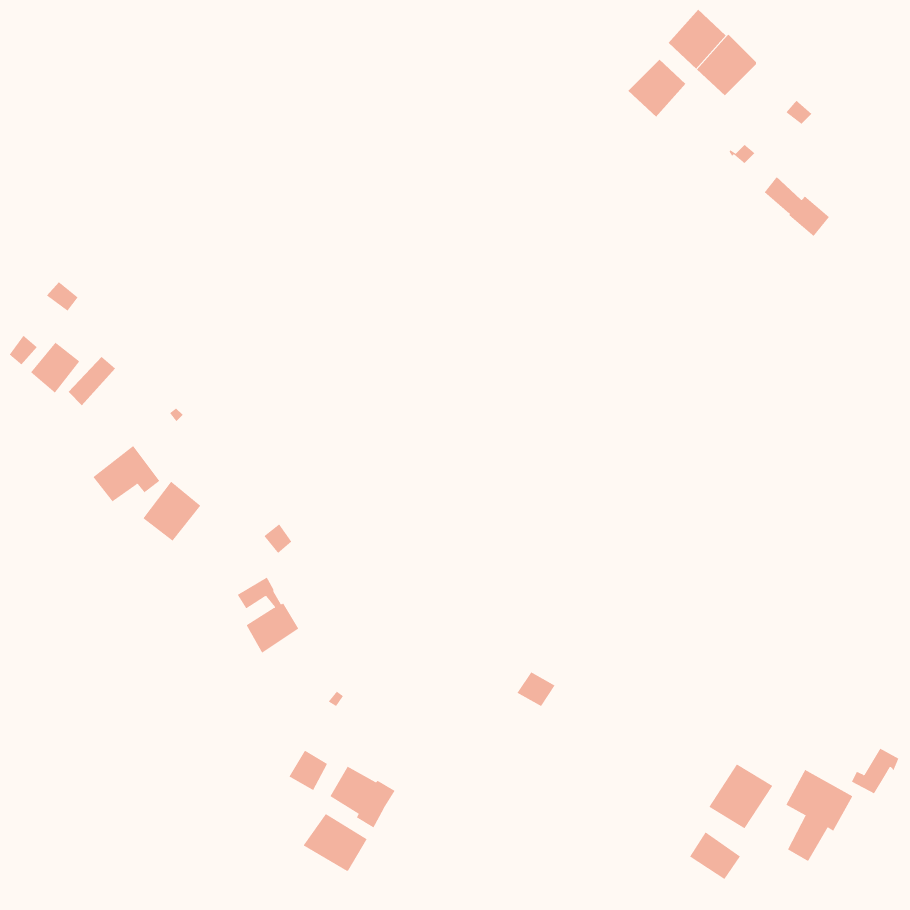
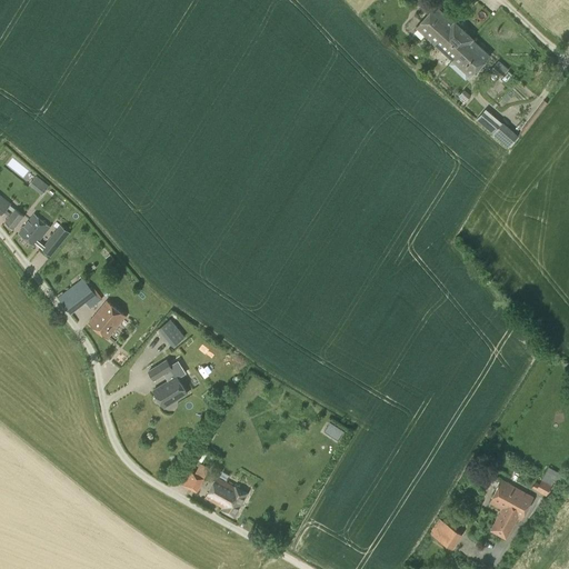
building: [628,59,686,118] -> [452,40,489,77]
building: [709,763,773,829] -> none
building: [303,813,367,872] -> none

